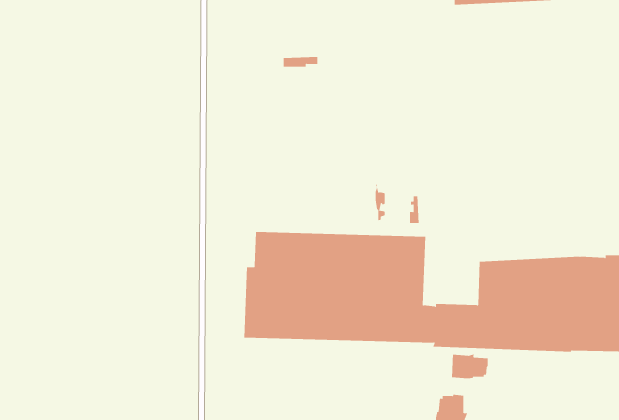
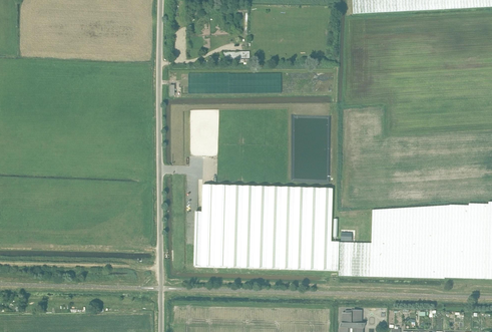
building: [451,354,488,379] -> none

